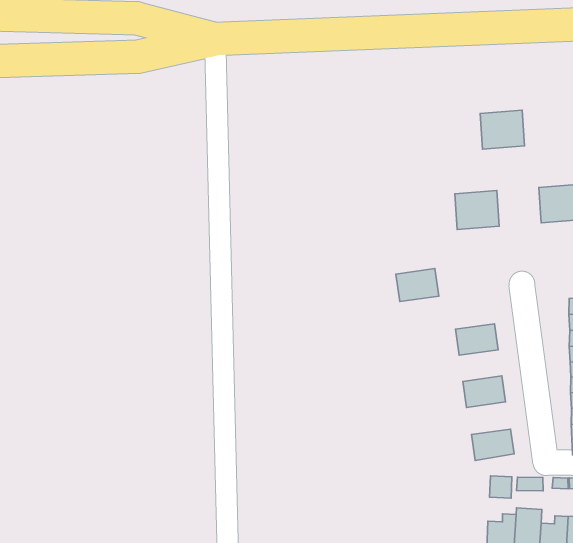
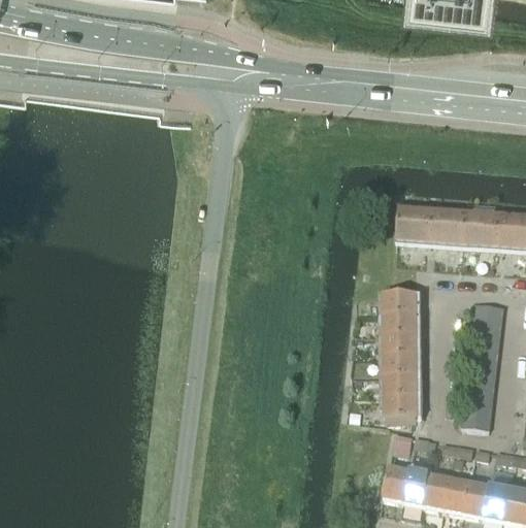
building: [480,110,524,149] -> [430,213,465,243]
building: [396,269,439,302] -> [385,295,416,317]
building: none -> [385,337,416,358]
building: none -> [385,378,417,400]

